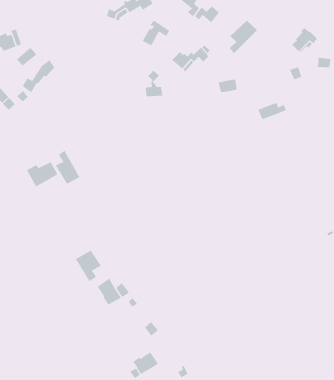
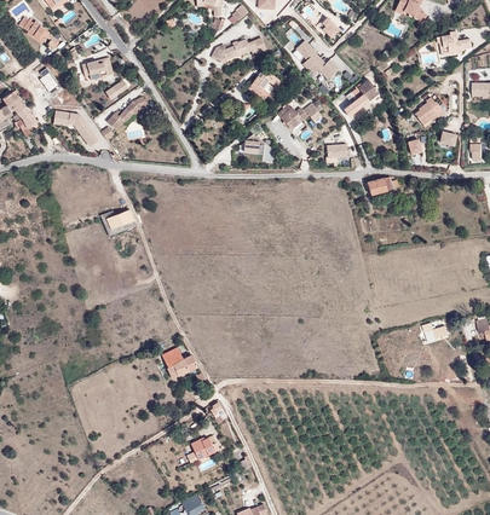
building: [55,150,80,185] -> none
building: [75,250,101,282] -> none

